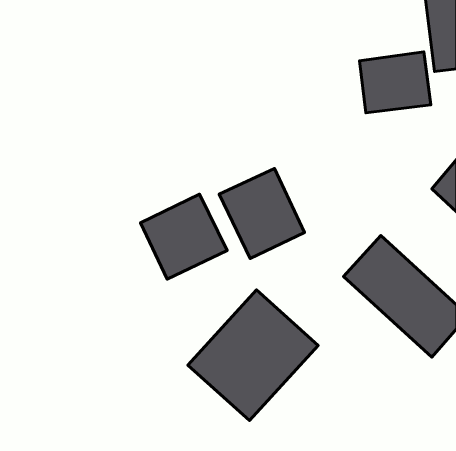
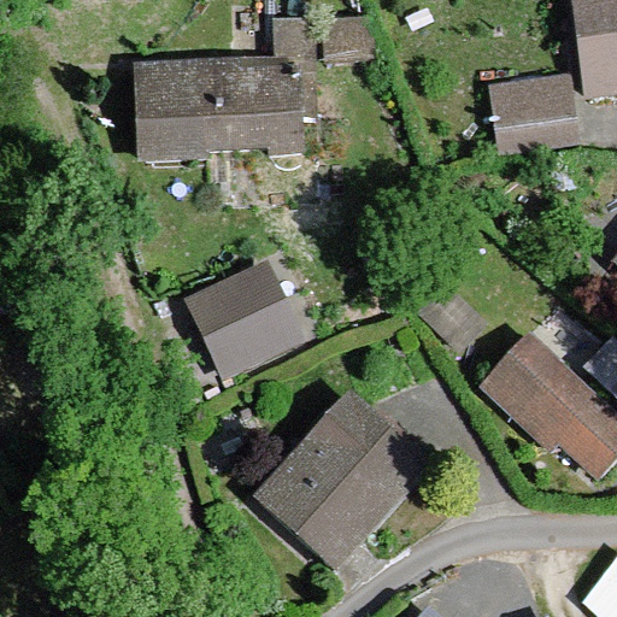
building: none -> [135,59,301,159]
building: [219,169,305,259] -> none

